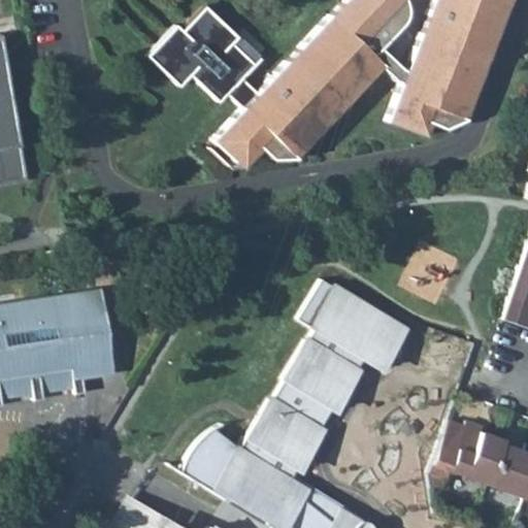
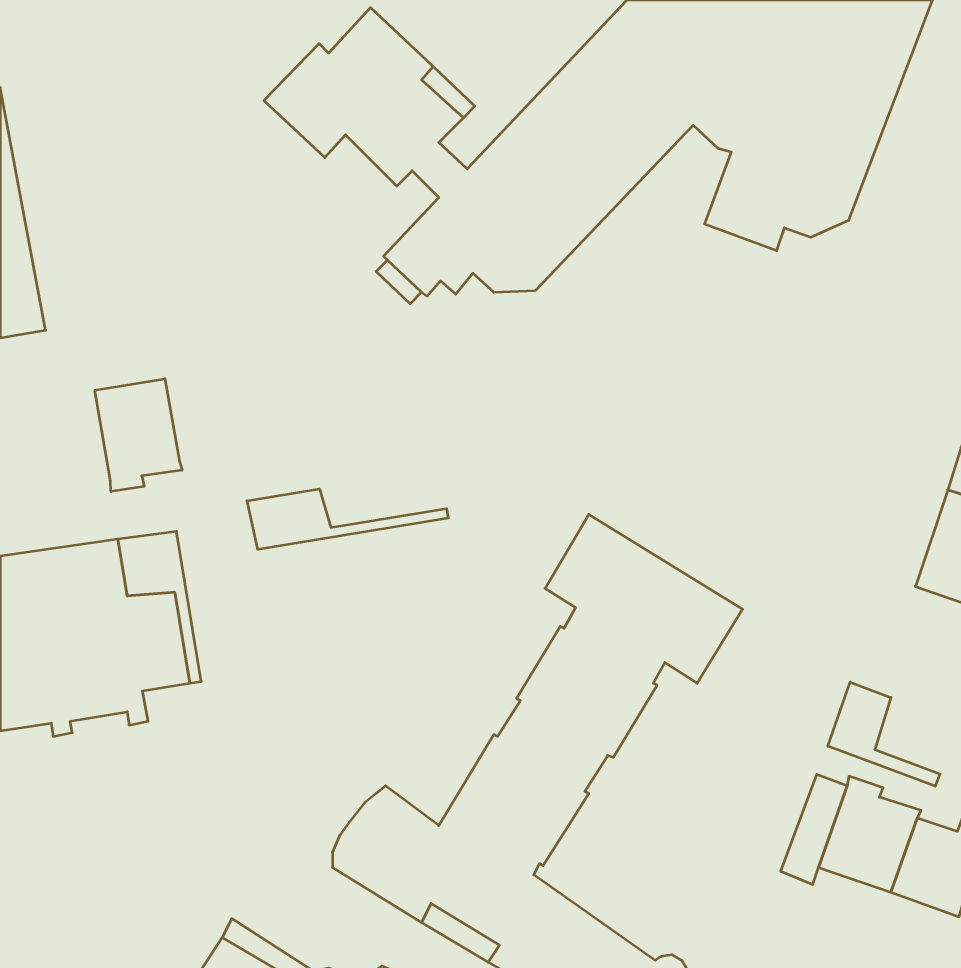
building: none -> [95,379,182,492]
building: none -> [247,489,448,549]
building: none -> [828,682,940,786]

